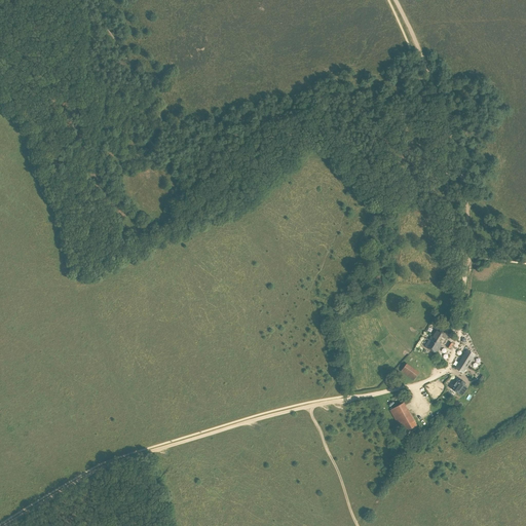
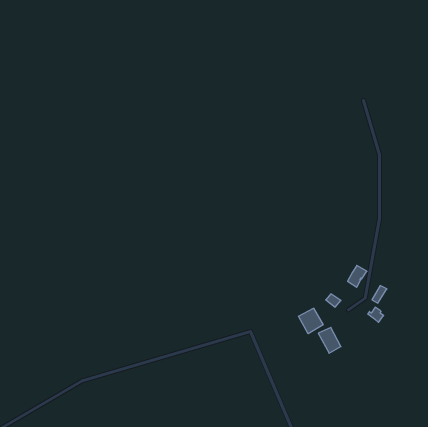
building: none -> [299,308,323,334]

